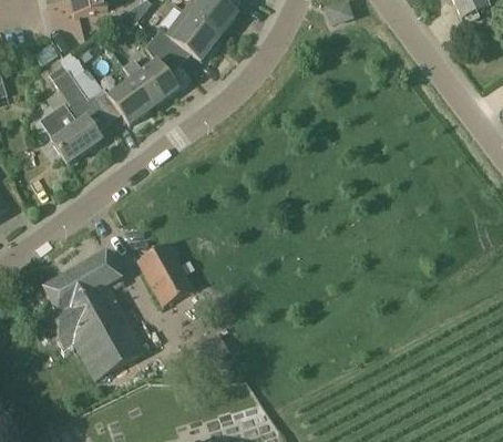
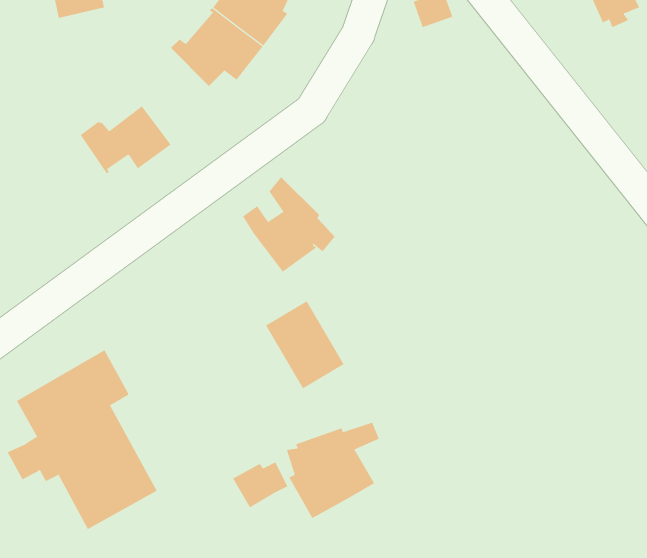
building: [125,35,192,104] -> [242,176,335,272]
building: [39,70,107,162] -> none
building: [137,240,194,304] -> [265,300,344,389]
building: none -> [286,422,380,519]

